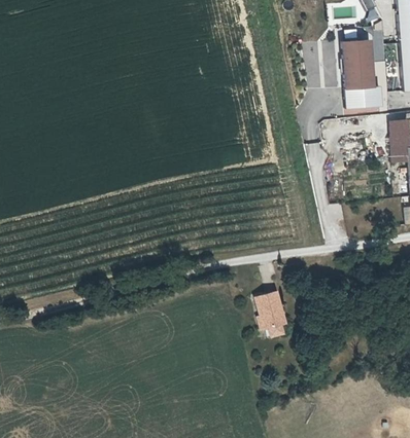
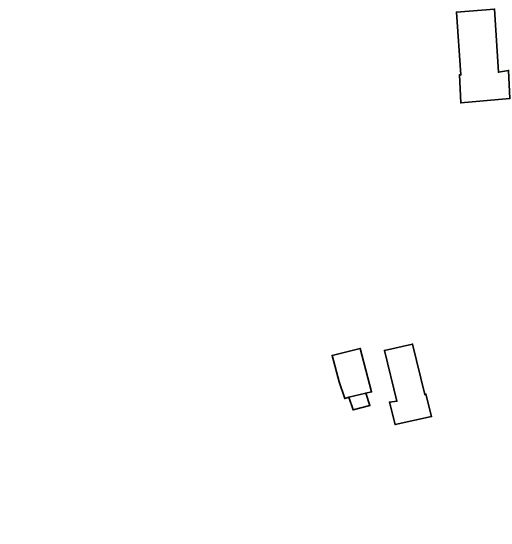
building: none -> [385,344,431,425]

